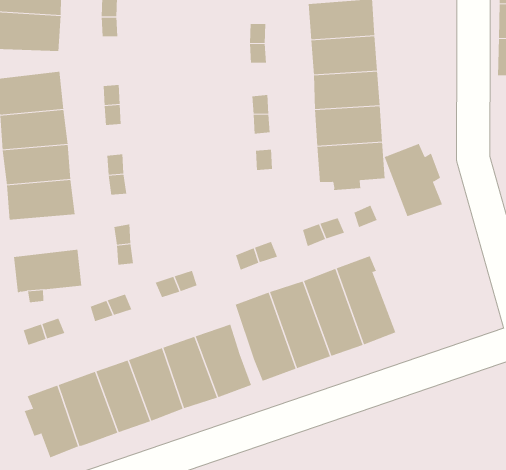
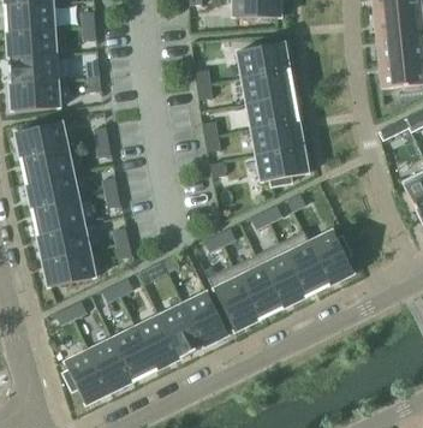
building: [384,143,443,217] -> [308,230,355,285]
building: none -> [37,225,90,261]

